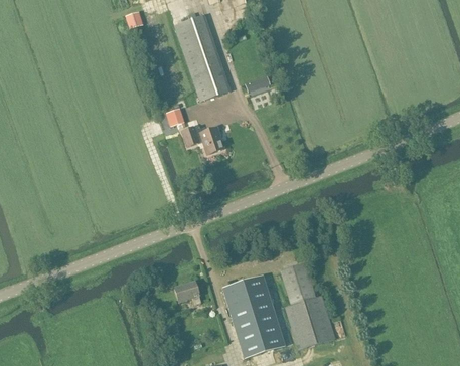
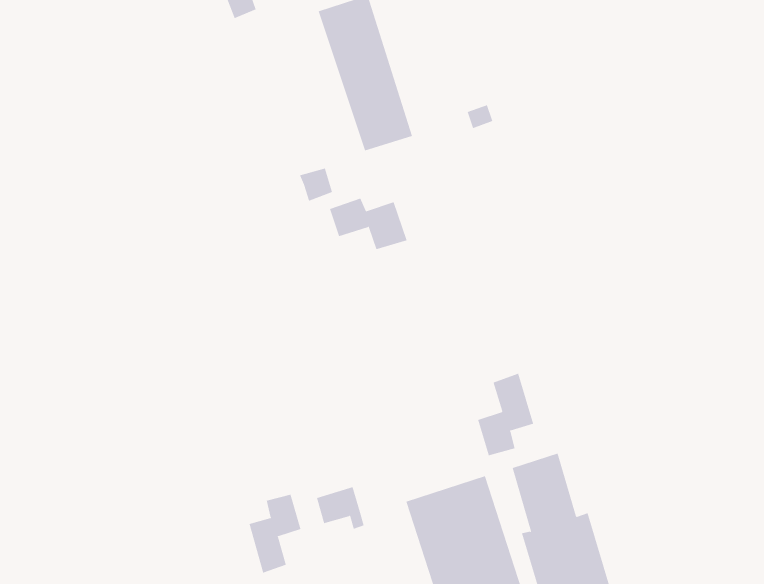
building: none -> [477,373,534,456]
building: none -> [249,494,301,574]

